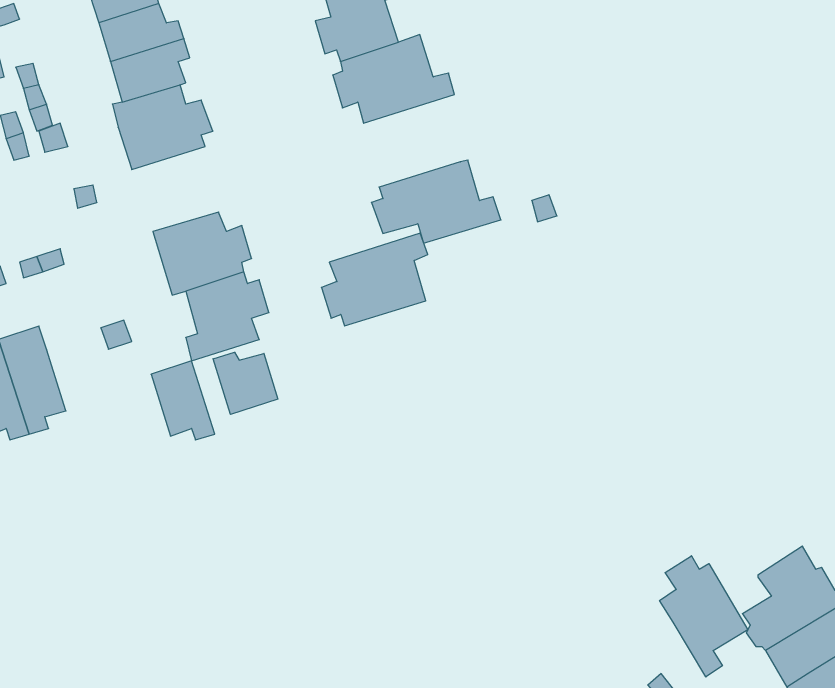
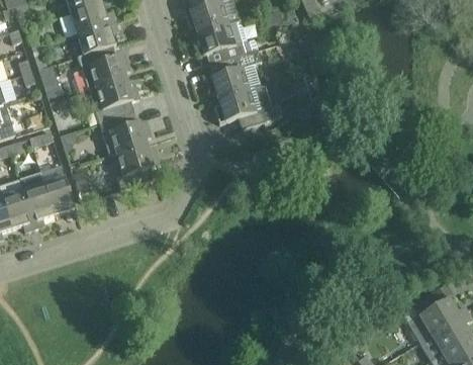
building: none -> [88,77,139,121]
building: [321,233,428,326] -> [205,50,261,98]
building: [213,352,278,414] -> none
building: [151,361,215,440] -> [43,176,77,217]
building: [660,556,748,677] -> none

